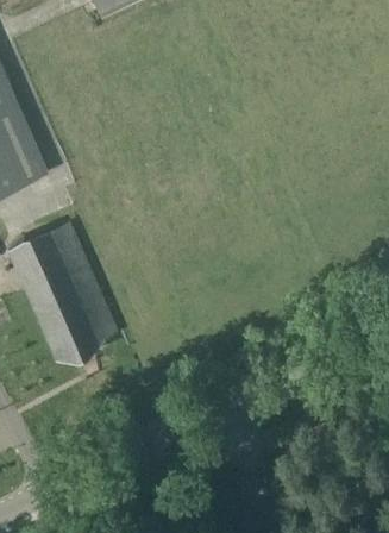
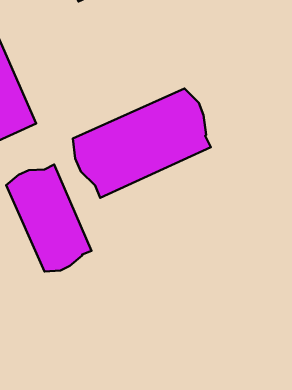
building: none -> [73,89,211,198]

